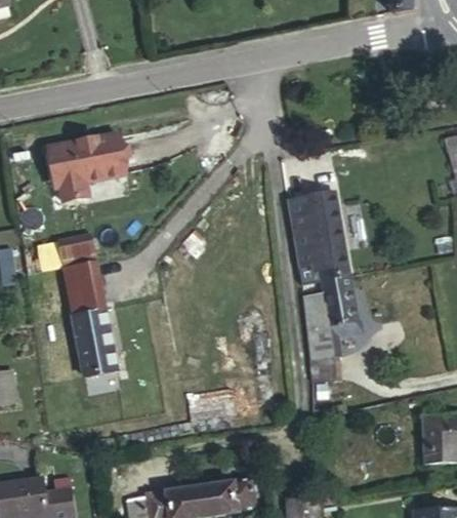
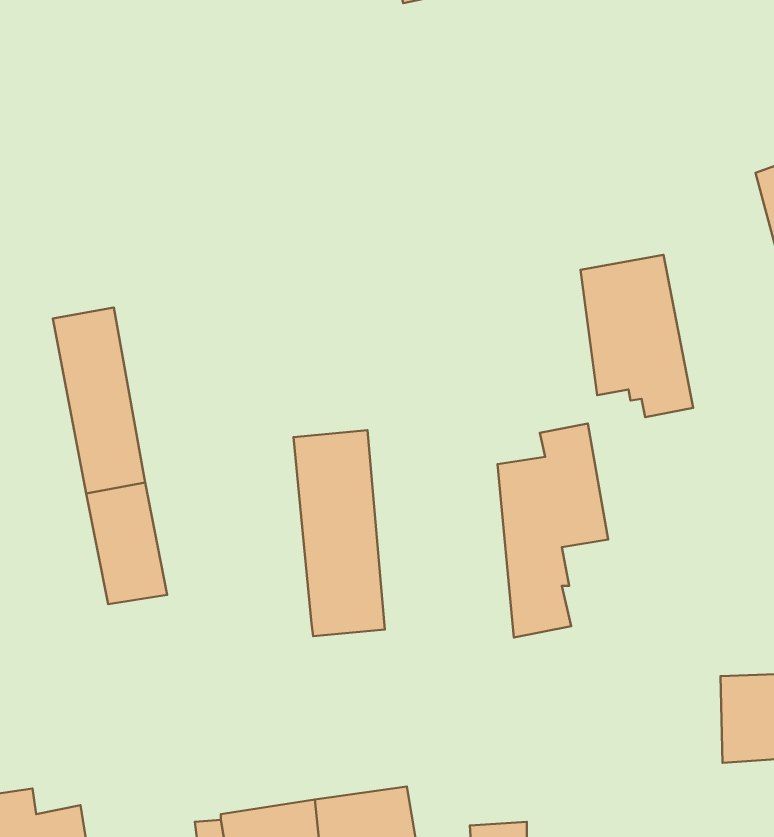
building: [50,132,128,200] -> none
building: [289,190,351,280] -> [581,255,693,417]
building: none -> [293,430,385,636]

